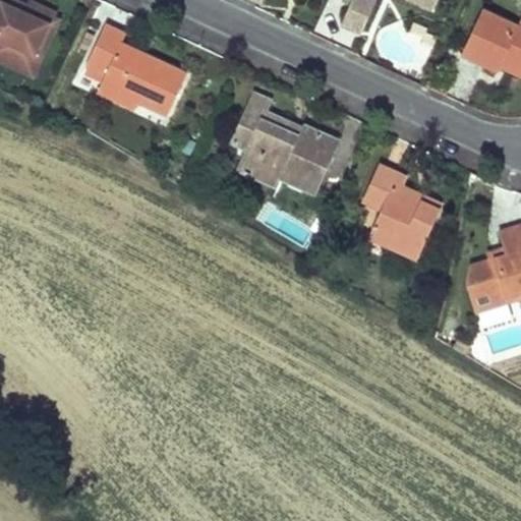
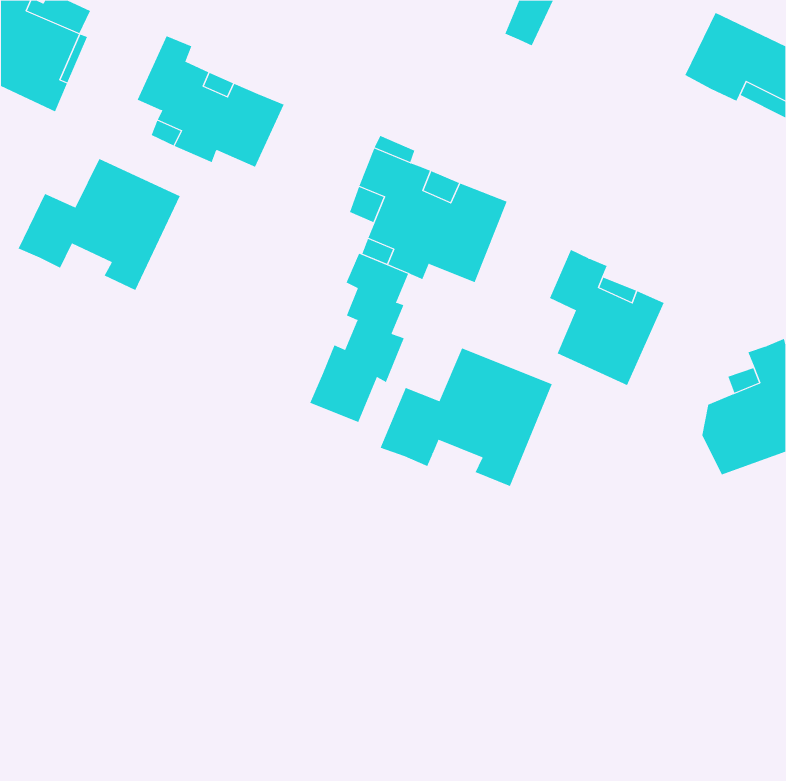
building: none -> [18,158,180,291]
building: none -> [309,253,409,423]
building: none -> [380,347,553,487]

